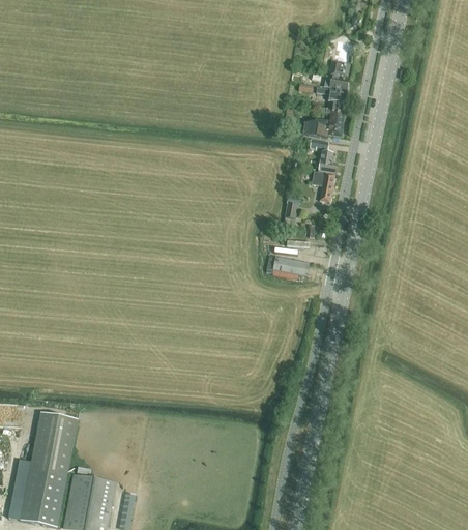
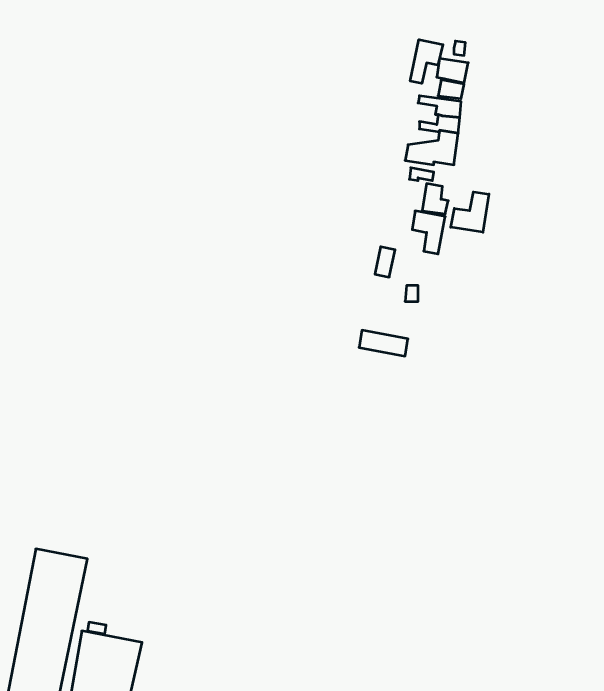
building: none -> [410,40,443,83]
building: none -> [451,192,489,232]

